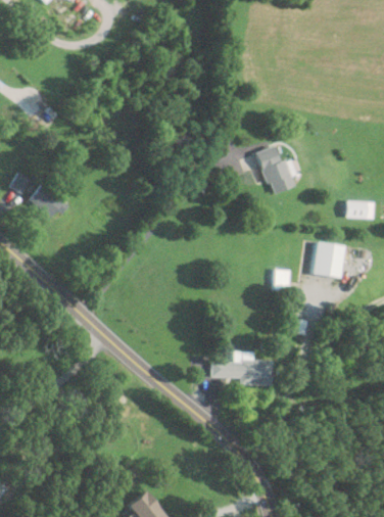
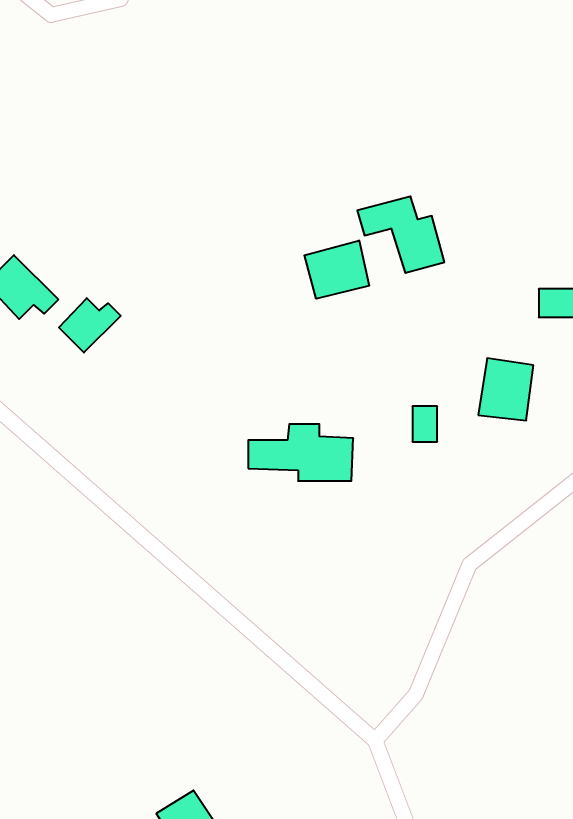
building: none -> [304,240,369,299]
building: none -> [59,298,121,353]
building: [211,351,272,384] -> [248,424,353,481]

